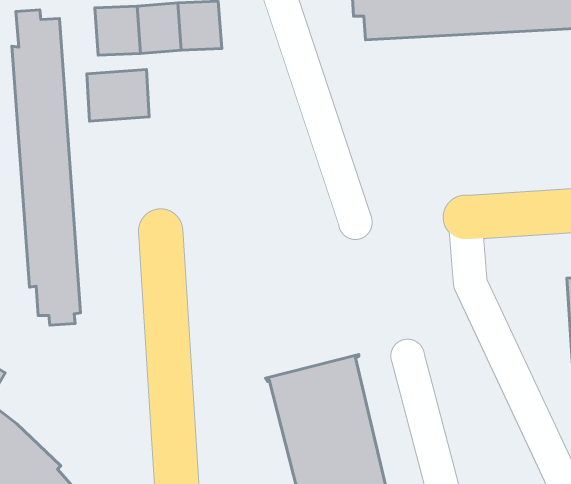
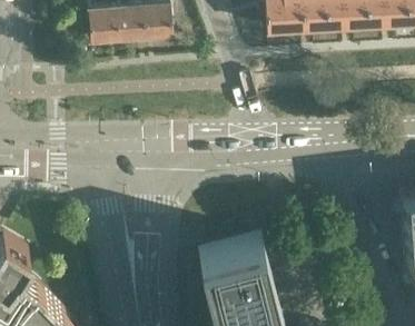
building: [12,10,81,325] -> none
building: [87,69,149,121] -> none

